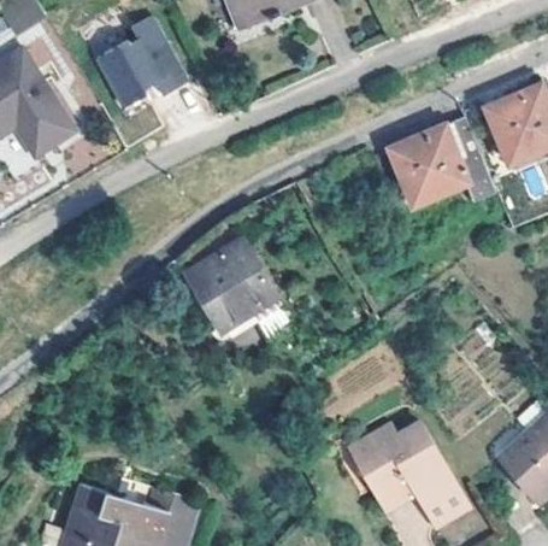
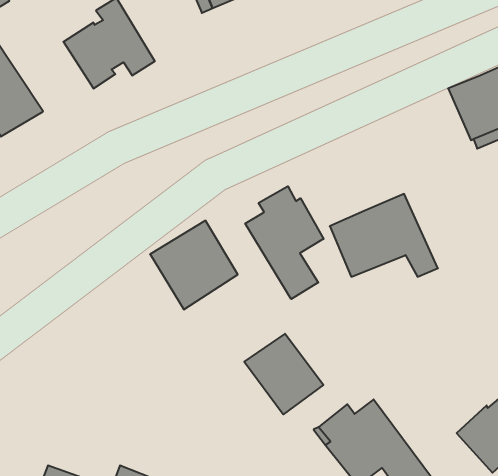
building: [389,117,497,200] -> [330,194,438,277]
building: none -> [245,186,324,299]
building: none -> [244,334,323,414]

